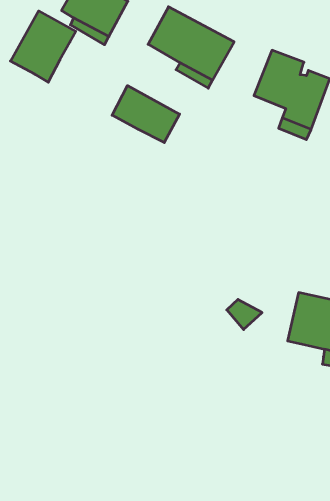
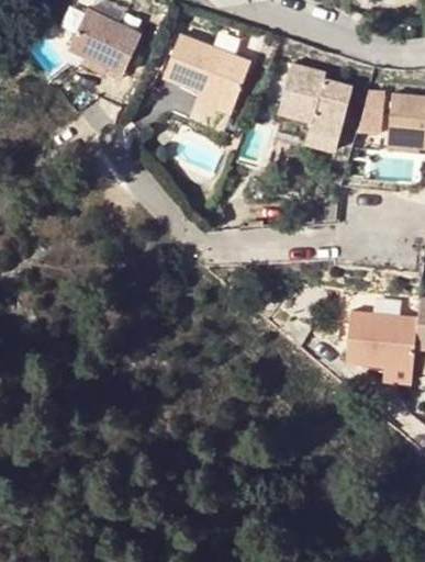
building: [10,11,76,82] -> none
building: [112,86,180,143] -> none

